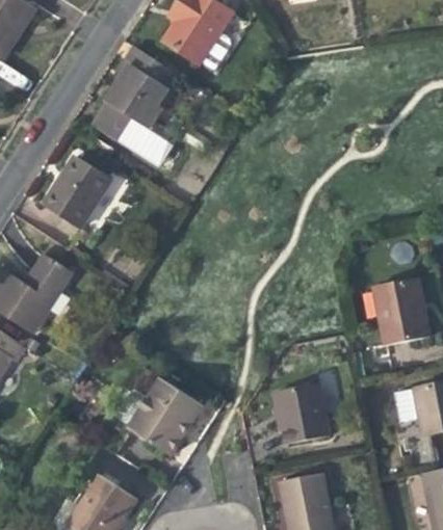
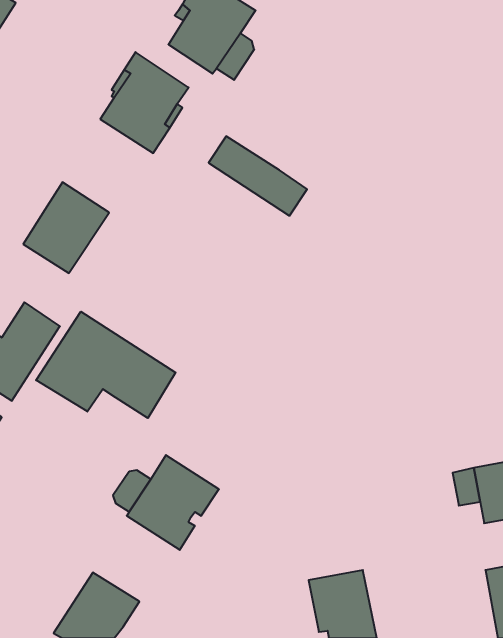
building: [92,102,173,167] -> [209,136,307,216]
building: none -> [36,312,176,418]
building: [372,277,429,346] -> none
building: [273,383,330,444] -> none

